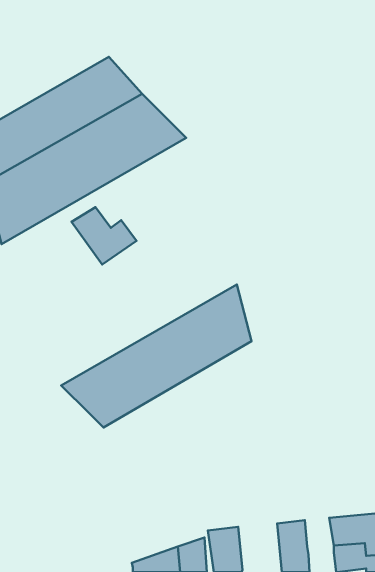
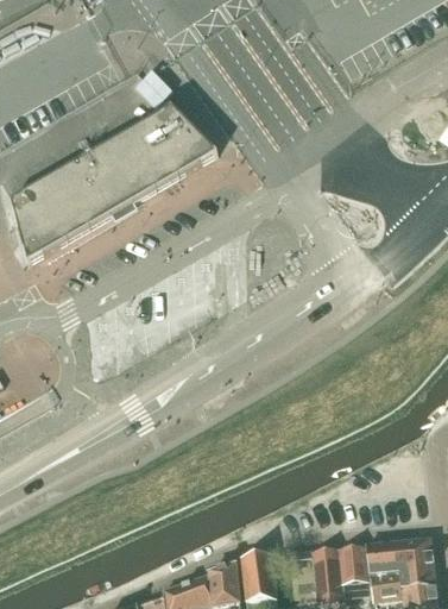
building: [72,207,136,265] -> none
building: [61,285,252,428] -> none
building: none -> [341,546,371,584]

